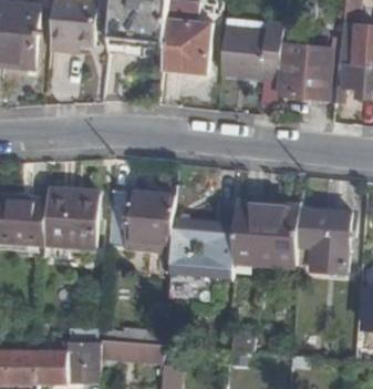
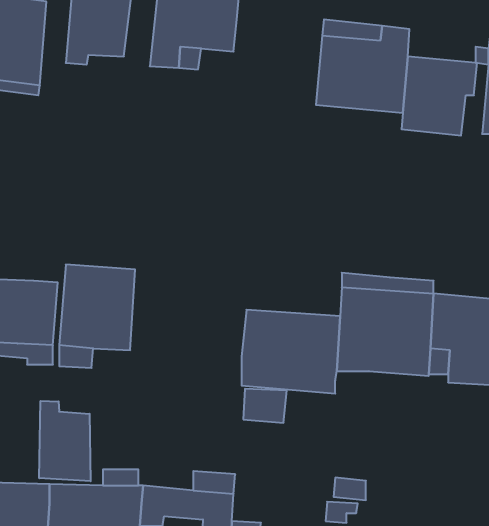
building: [162,20,208,74] -> none
building: [108,192,174,252] -> none
building: none -> [39,401,91,481]

